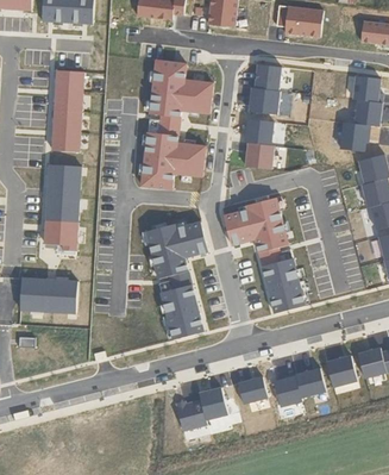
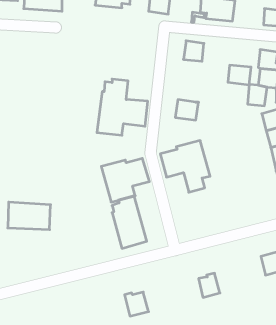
building: [148,58,213,117] -> none
building: [51,69,84,151] -> none
building: [247,88,278,114] -> [228,65,251,85]
building: [244,118,274,145] -> none
building: [44,164,82,251] -> none
building: [261,257,305,313] -> none
building: [325,355,357,387] -> none
building: [295,368,326,398] -> none
building: [237,375,268,405] -> none
building: [199,386,228,420] -> none

